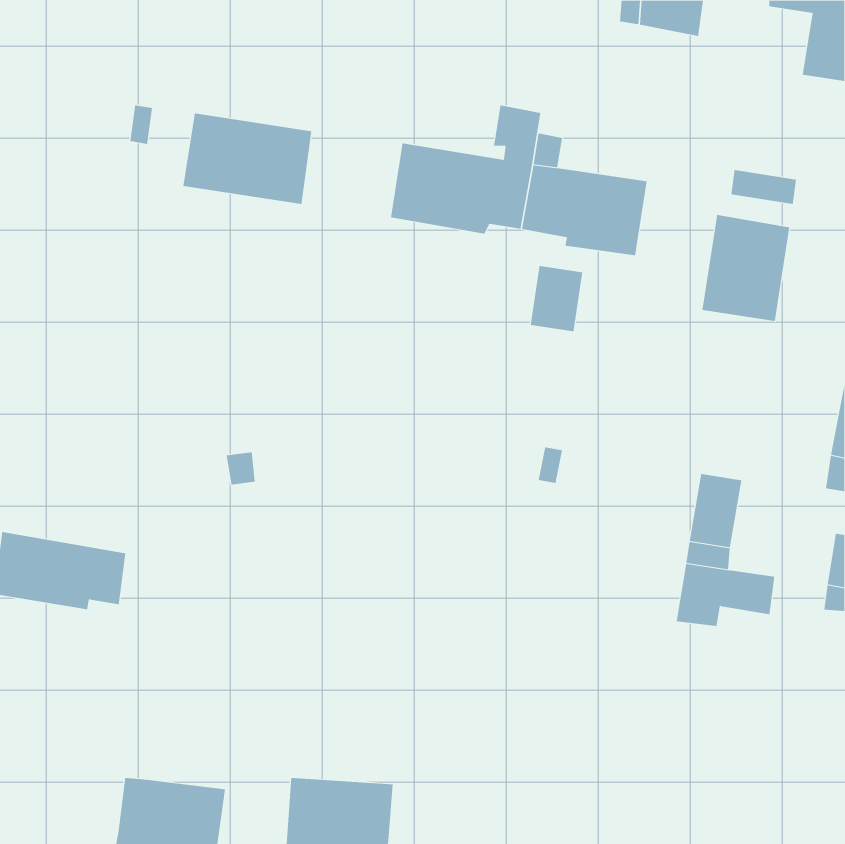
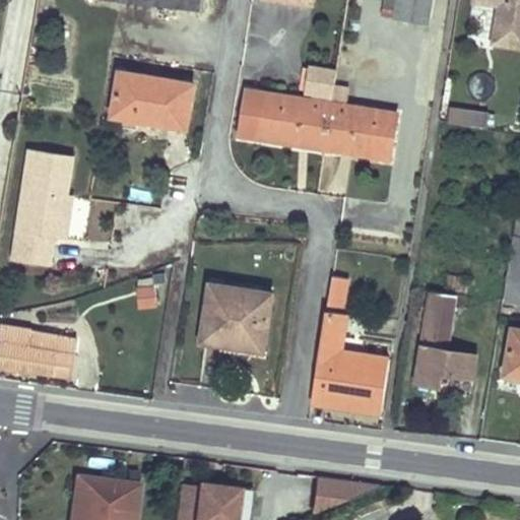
building: [702,214,790,322] -> none
building: none -> [9,146,77,267]
building: [530,265,583,332] -> none
building: none -> [200,283,271,352]
building: none -> [311,312,392,412]

